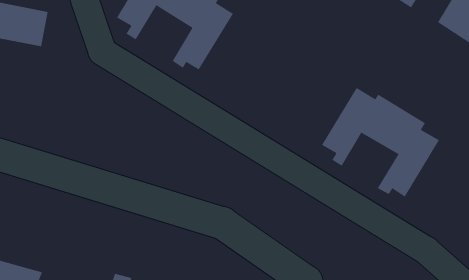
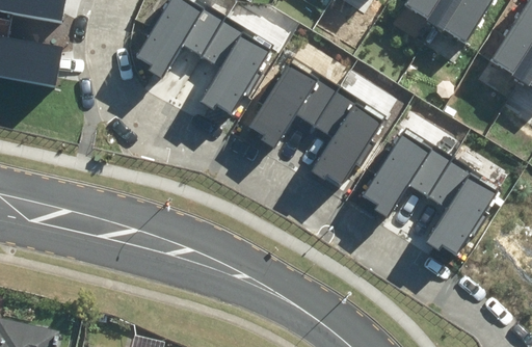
building: none -> [248,63,378,184]

